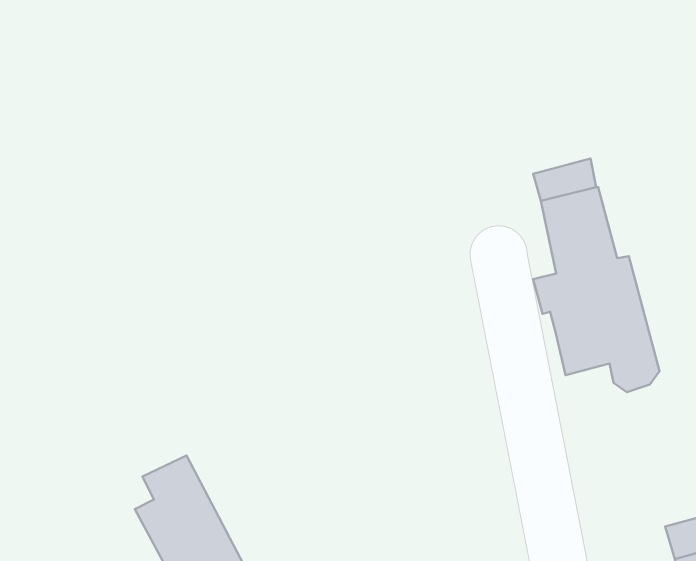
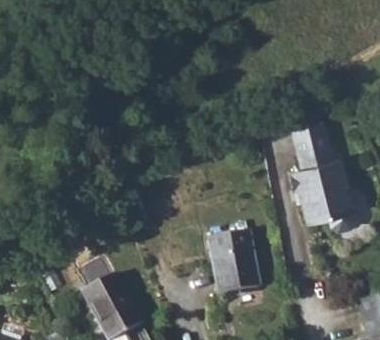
building: none -> [207,226,259,292]

